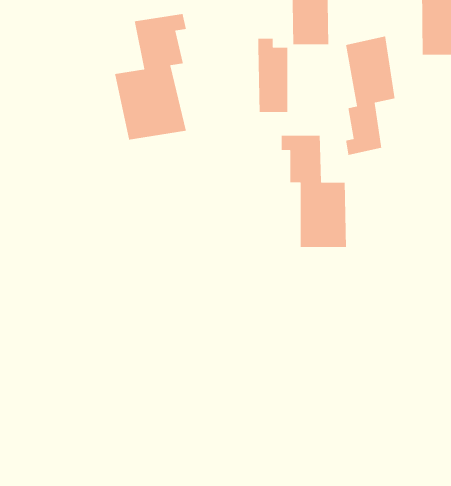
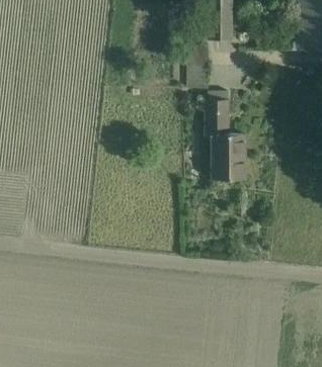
building: [114,13,187,141] -> none
building: [345,36,396,156] -> none

